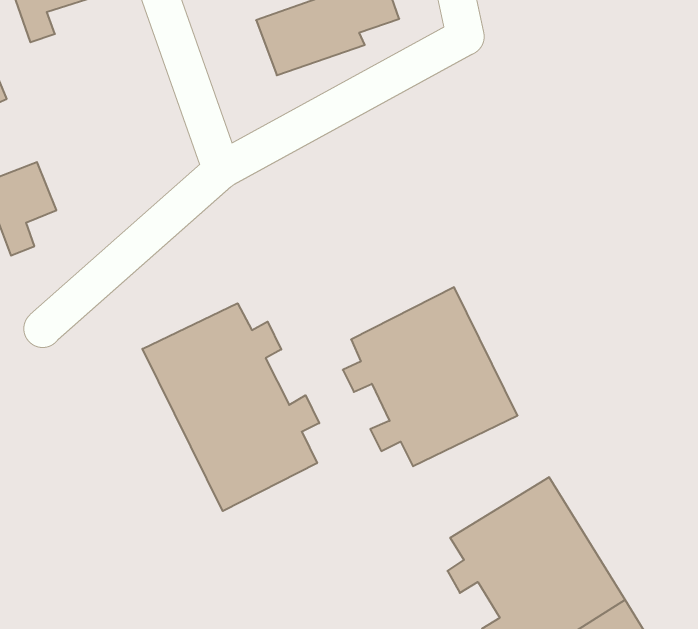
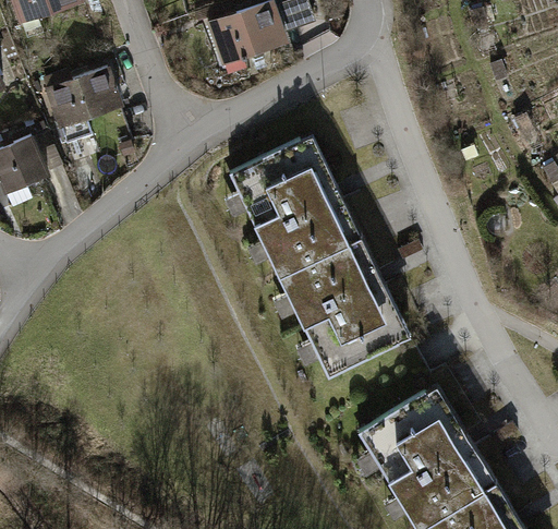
building: none -> [44,68,114,125]
building: none -> [222,134,360,276]
building: [142,303,319,511] -> none

